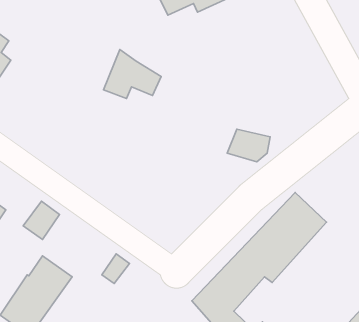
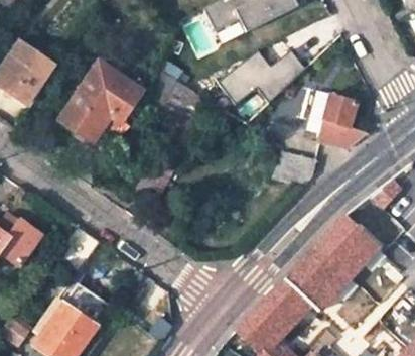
building: none -> [214,45,307,105]
building: none -> [61,63,143,142]
building: none -> [307,93,368,147]

